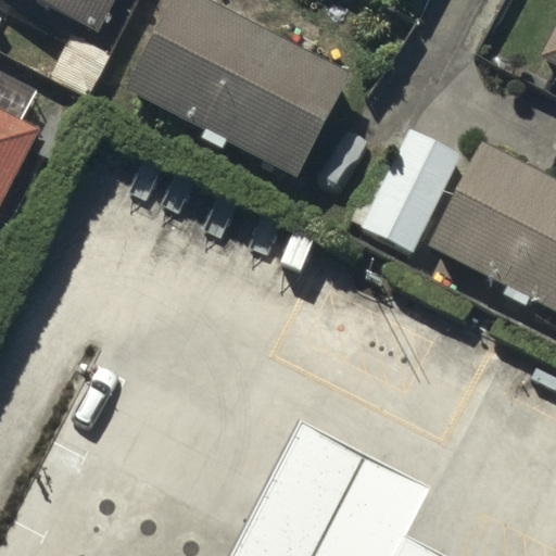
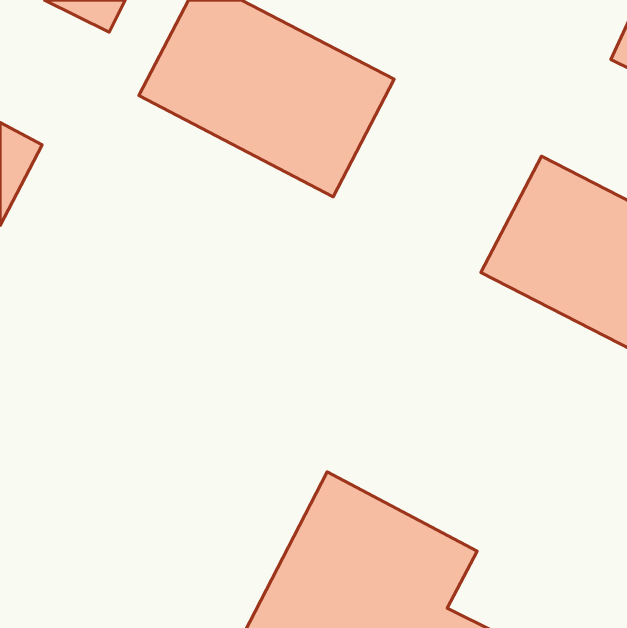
building: [359,127,466,253] -> none

